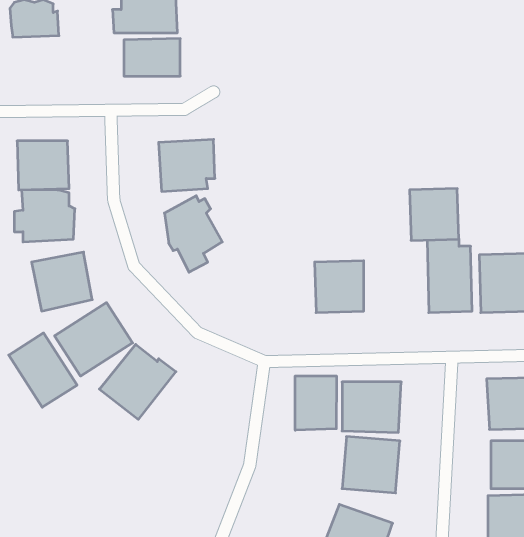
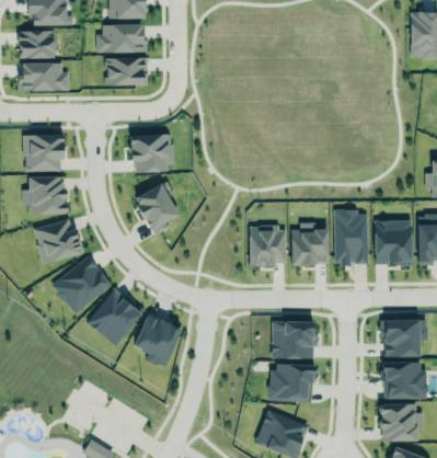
building: none -> [18,60,68,89]
building: [410,189,459,240] -> [290,222,327,262]
building: [9,333,77,407] -> none
building: [295,376,336,430] -> none
building: none -> [135,314,183,368]

